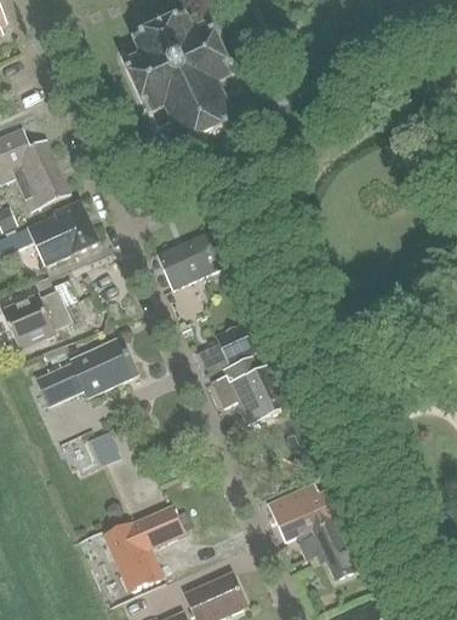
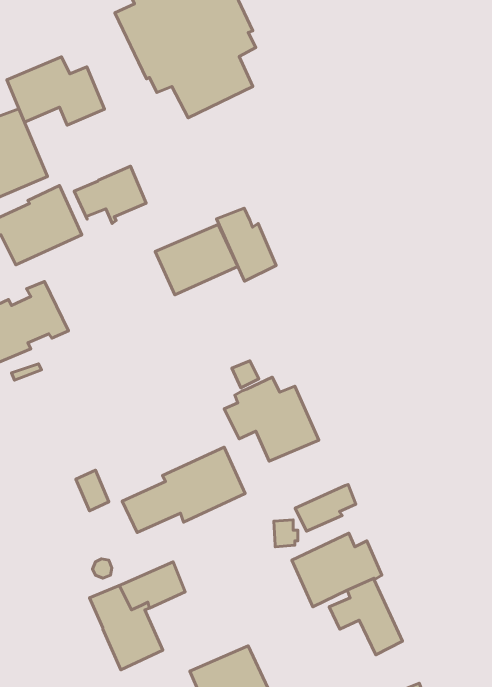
building: none -> [7,57,105,125]
building: none -> [74,166,146,223]
building: none -> [217,208,276,281]
building: [36,335,136,404] -> [122,447,245,533]
building: none -> [295,484,356,531]

